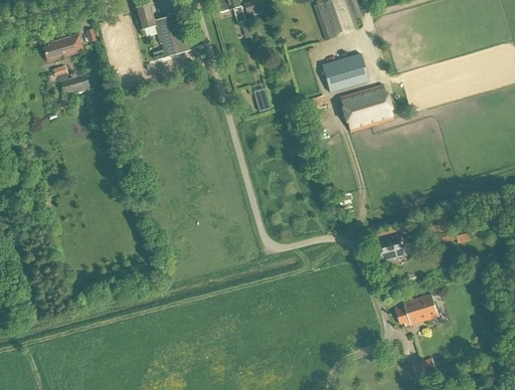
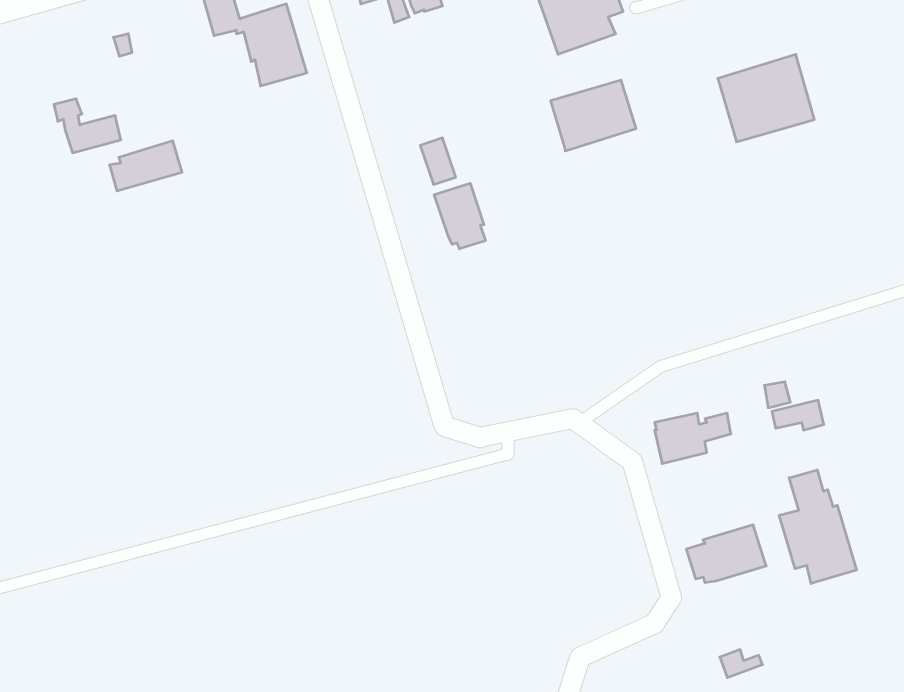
building: [43,33,82,60] -> [109,141,182,191]
building: [340,83,392,131] -> [718,54,814,142]
building: none -> [434,183,485,249]
building: none -> [779,470,857,584]

